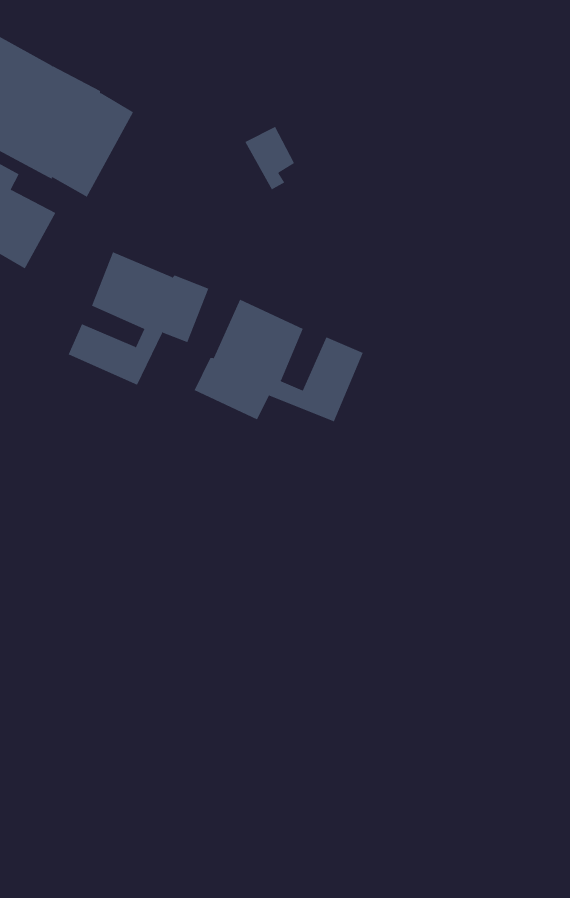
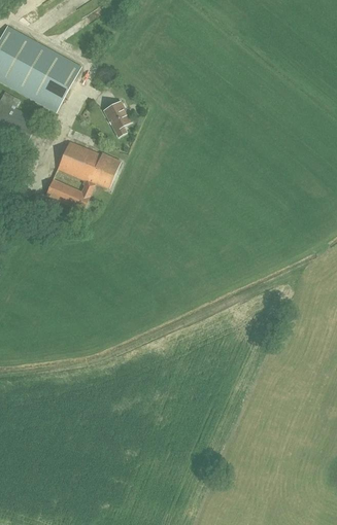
building: [244,126,295,190] -> [103,101,130,135]
building: [194,299,363,422] -> none

